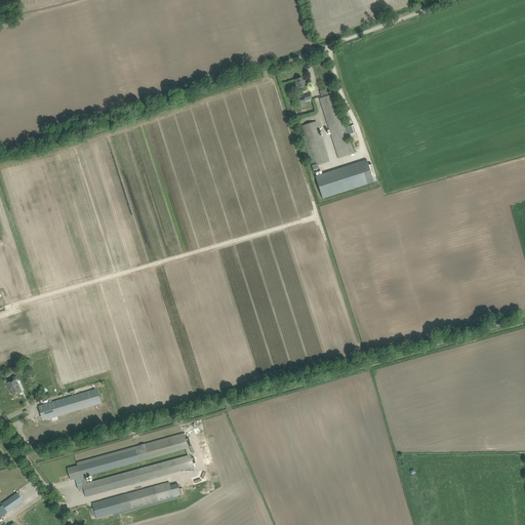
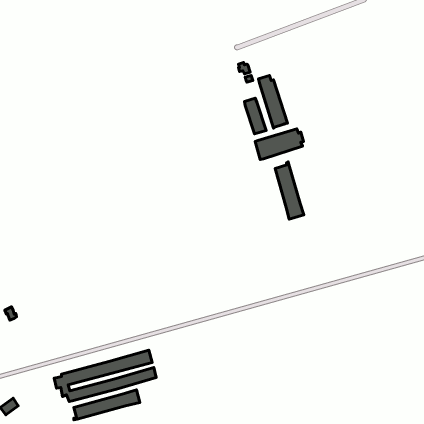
building: none -> [275,162,304,219]
building: [37,388,100,419] -> none

